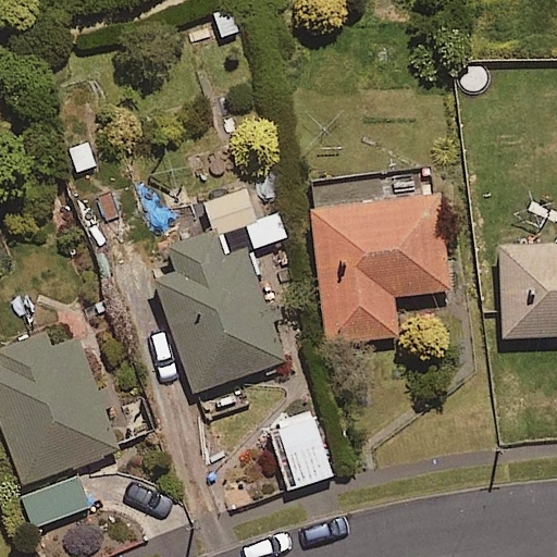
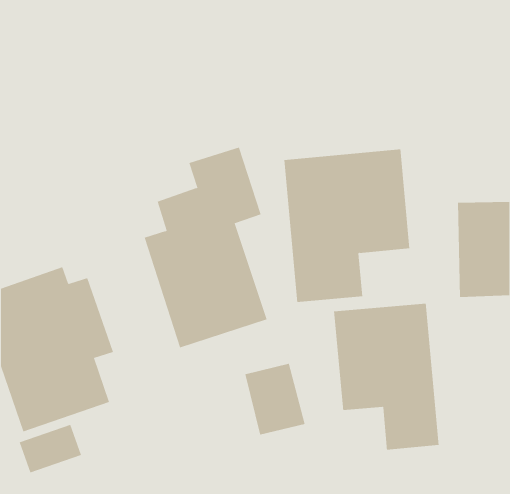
building: none -> [334,303,439,450]

